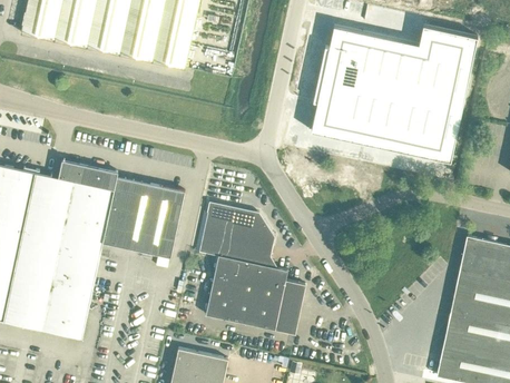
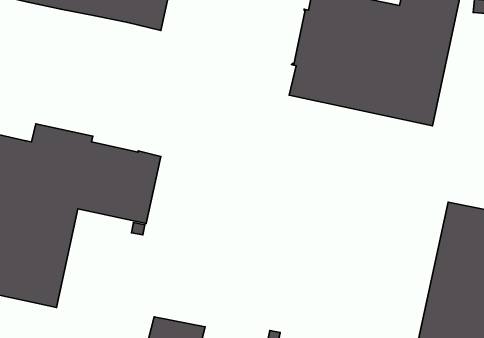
building: [198,203,306,334] -> none

